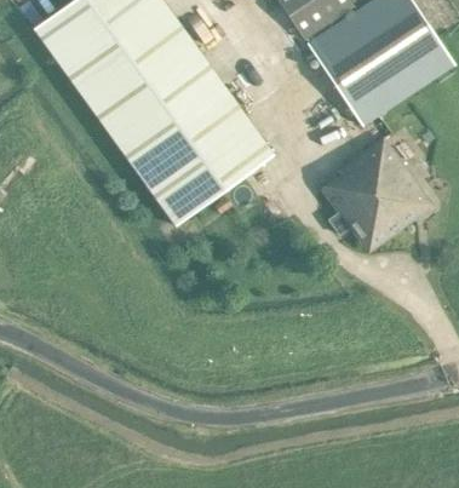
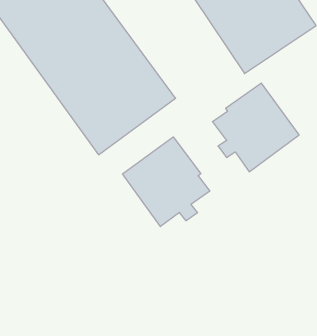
building: none -> [123,137,210,227]

